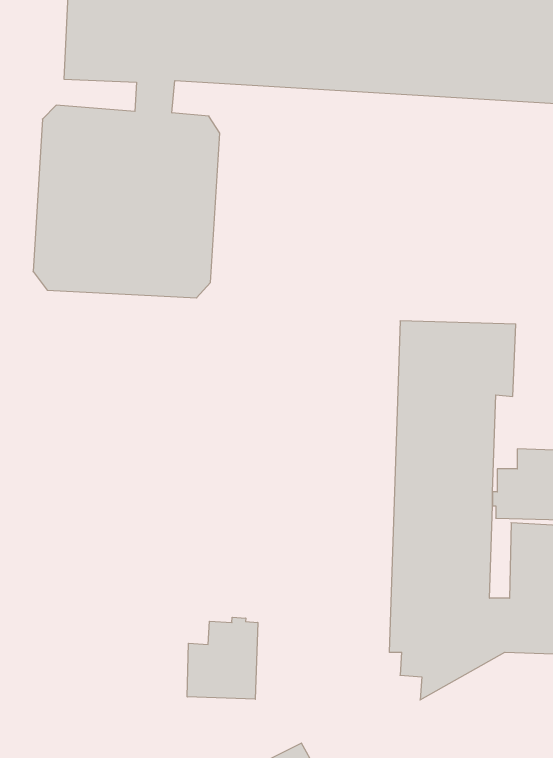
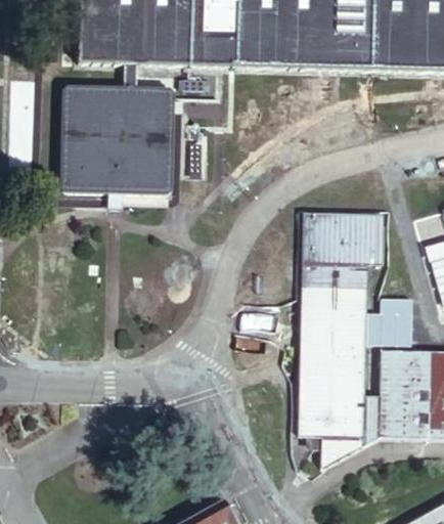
building: [187,617,258,699] -> none

